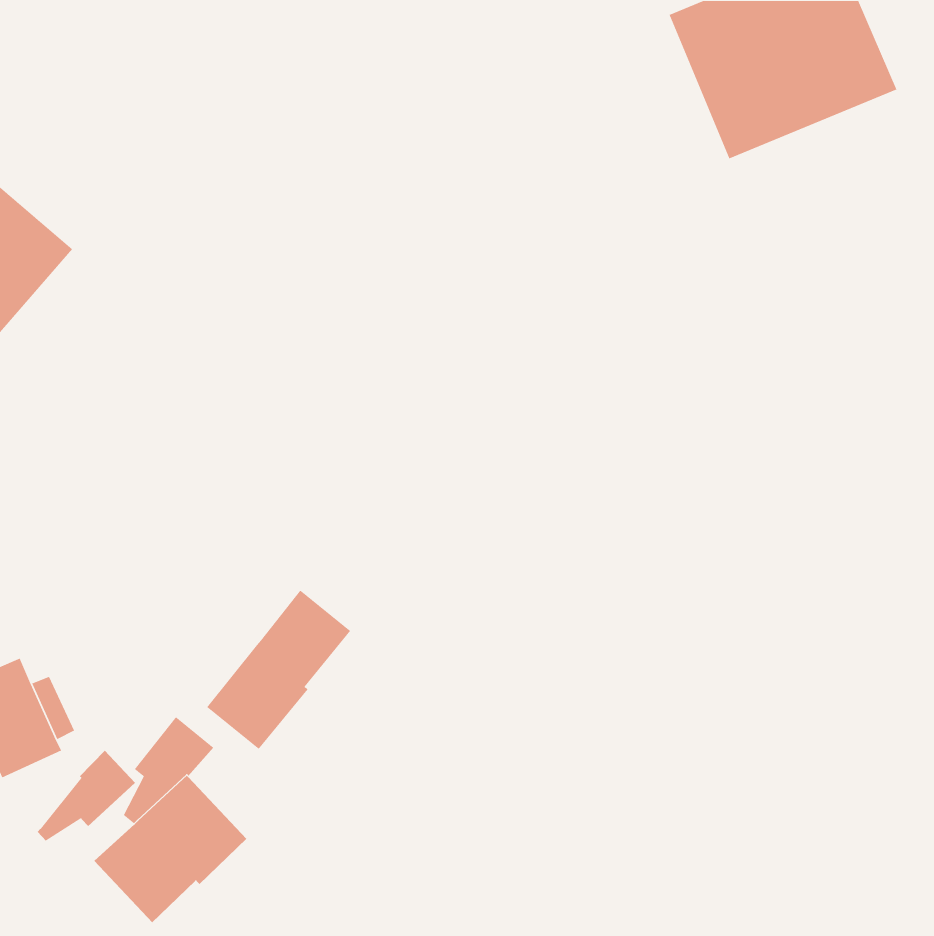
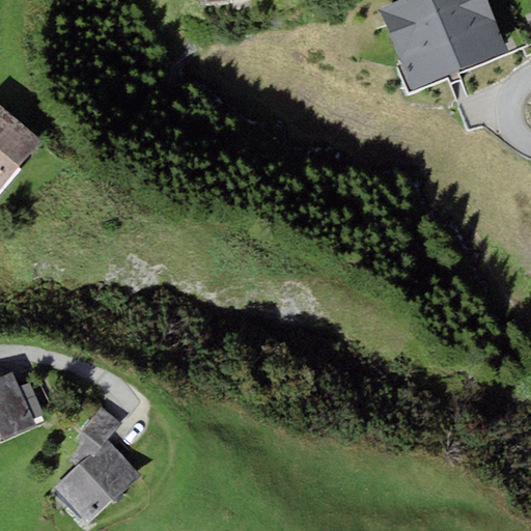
building: [206,589,351,750] -> none
building: [37,750,136,841] -> none

